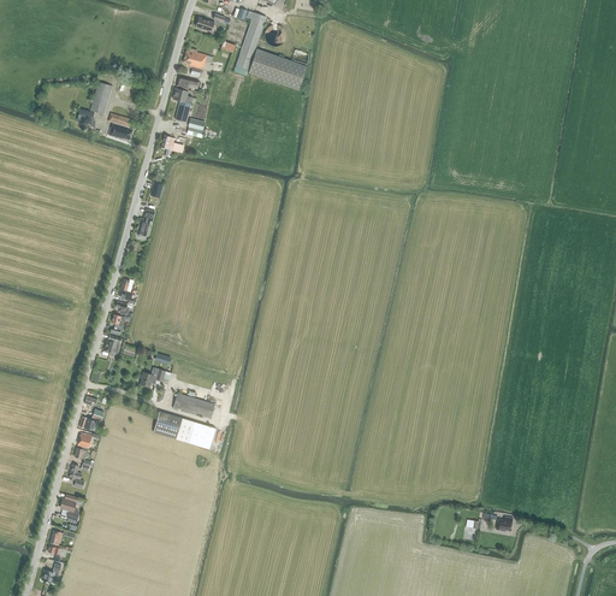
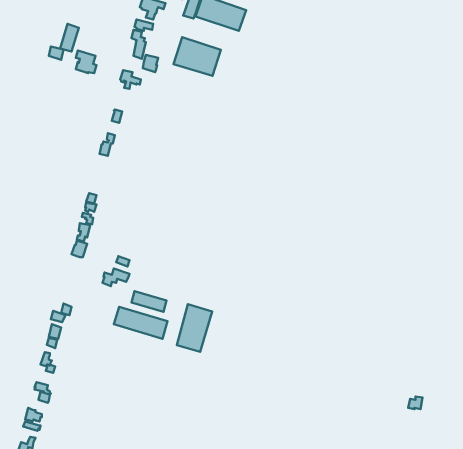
building: none -> [173,37,221,76]
building: none -> [177,304,212,352]

